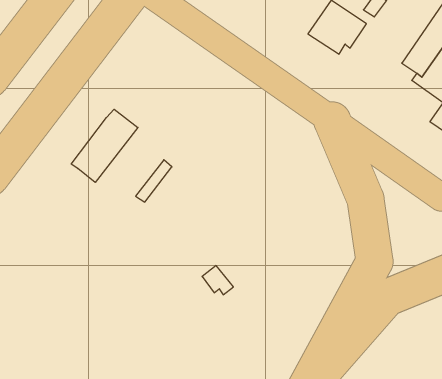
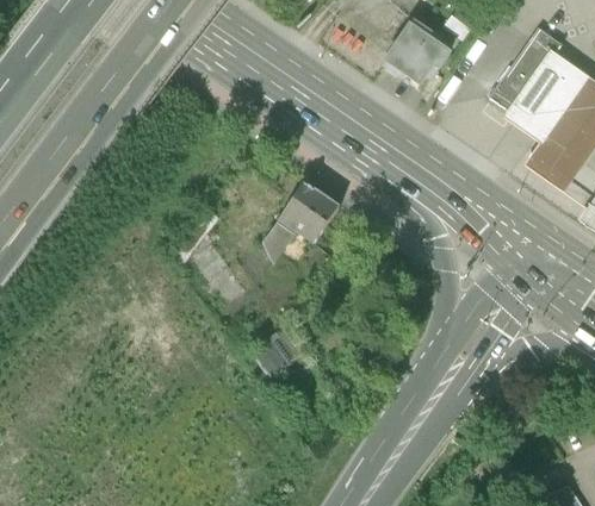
building: [71,109,138,182] -> none
building: none -> [265,180,342,261]

